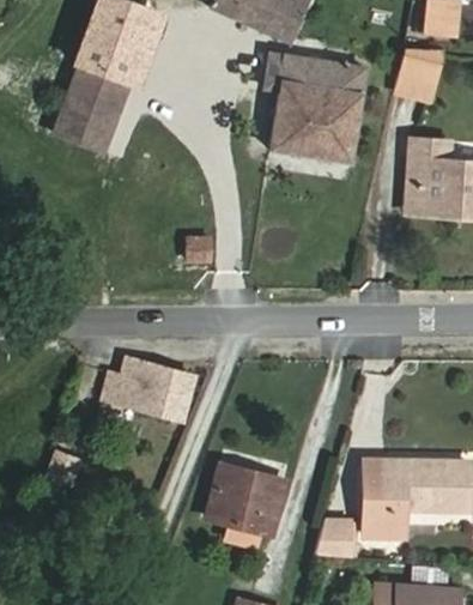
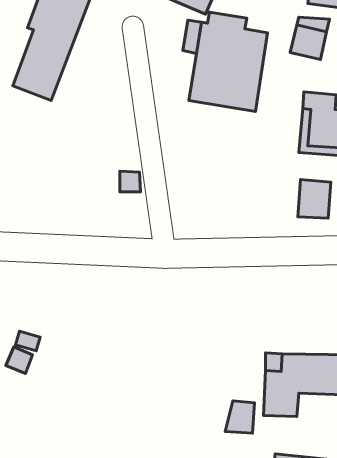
building: none -> [298,179,331,218]
building: [104,355,195,418] -> none
building: [206,462,286,534] -> none

